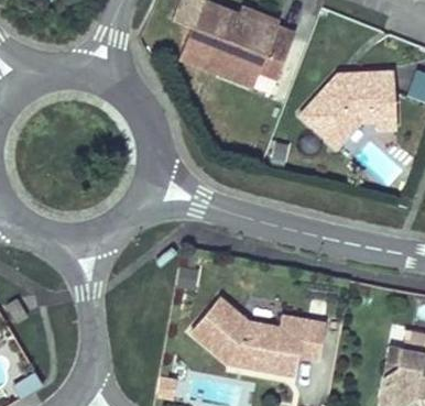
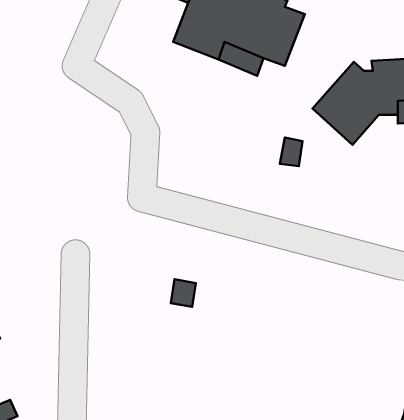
building: [192,298,325,374] -> none

